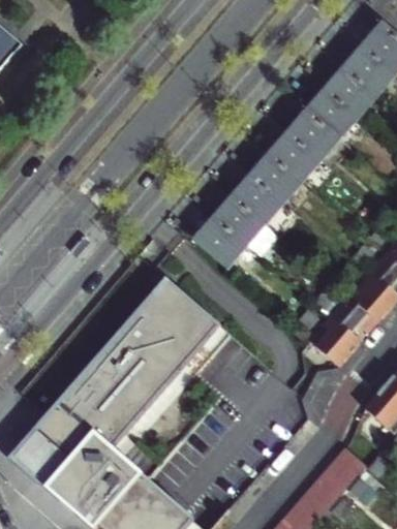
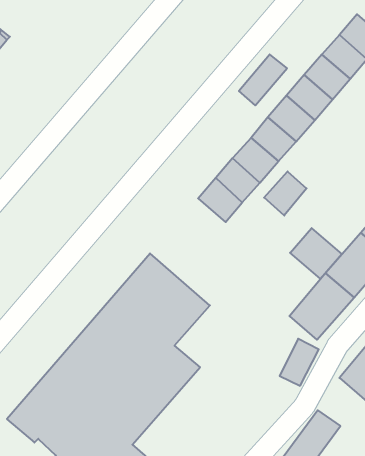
building: none -> [239,54,287,105]
building: none -> [264,171,307,216]
building: [195,217,245,266] -> none
building: none -> [290,228,342,279]

